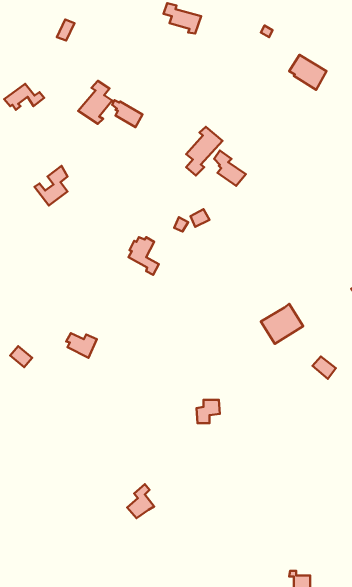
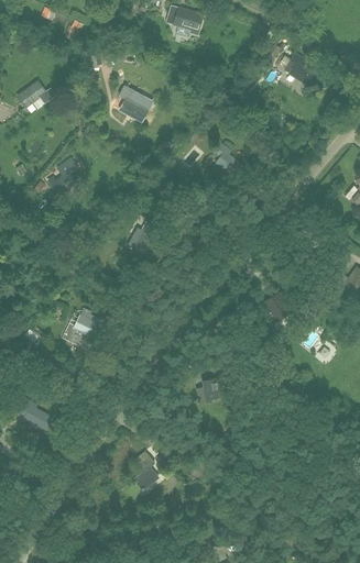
building: [78,81,112,124] -> none
building: [186,127,223,175] -> none
building: none -> [19,398,52,429]

